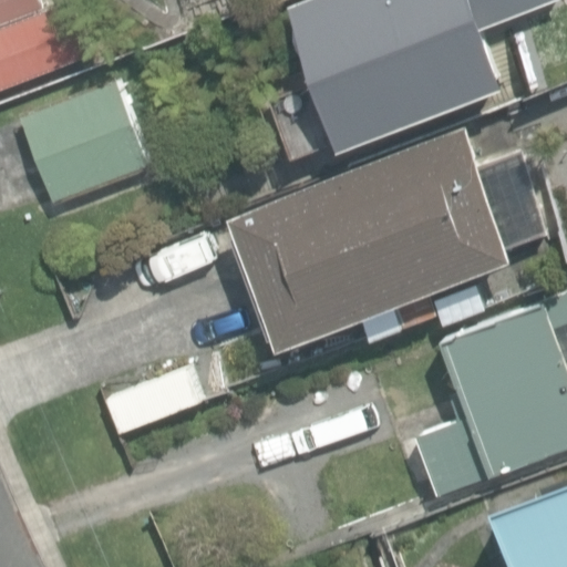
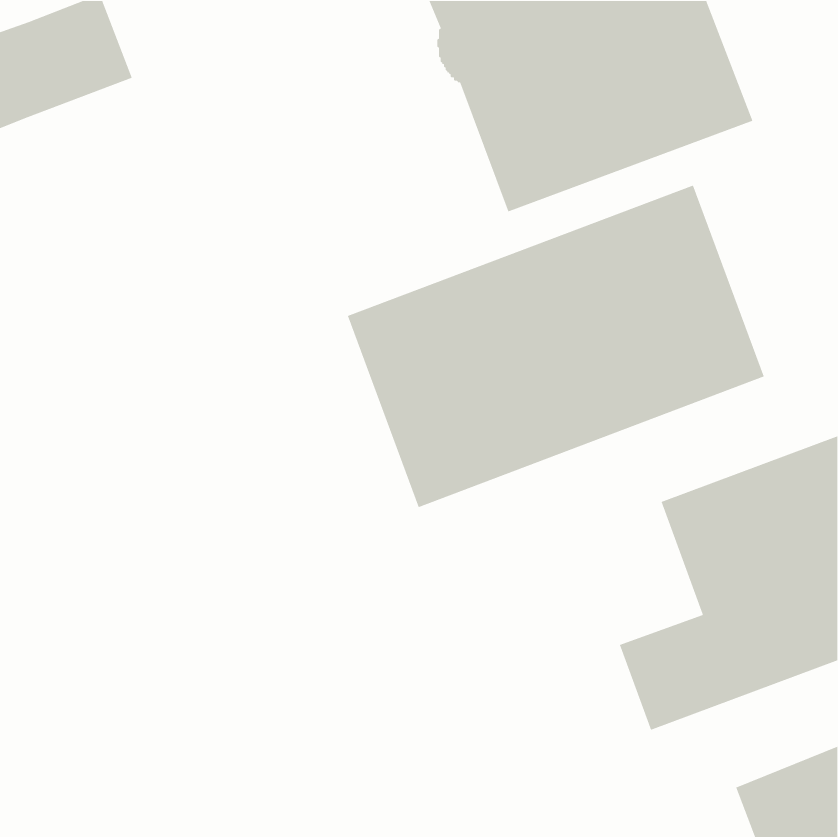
building: [19,81,147,206] -> none

